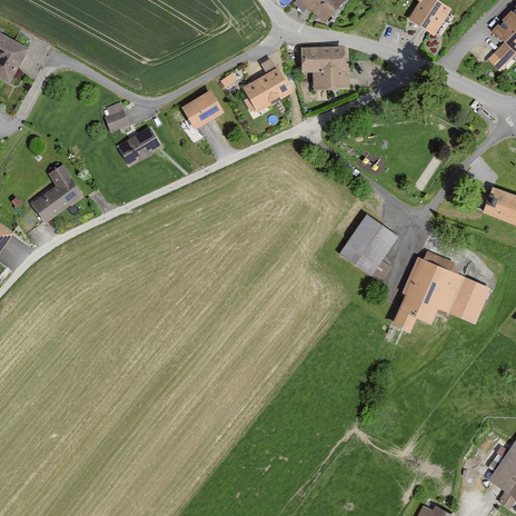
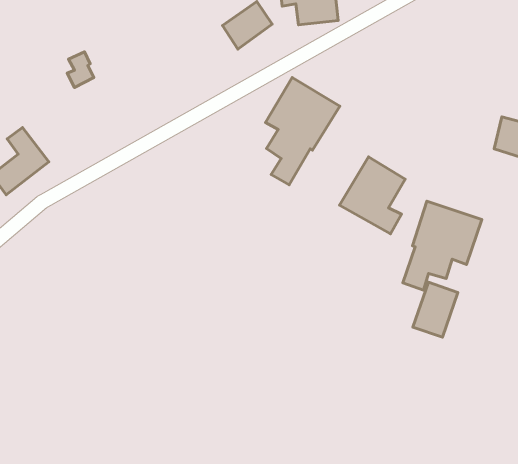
building: [180,90,222,130] -> none
building: [117,127,161,166] -> none
building: none -> [266,78,340,185]
building: [447,277,489,327] -> [413,282,458,337]

